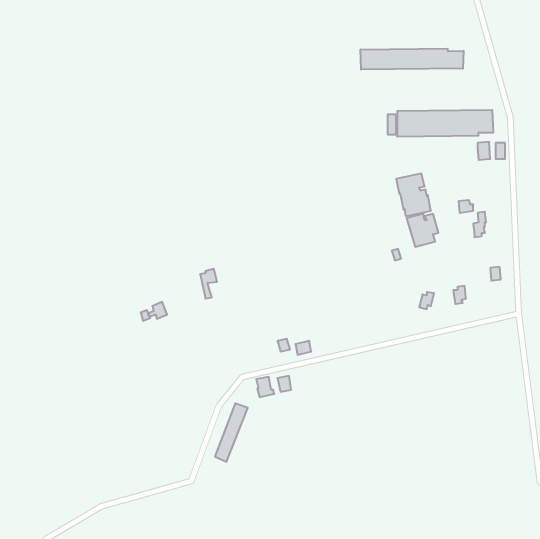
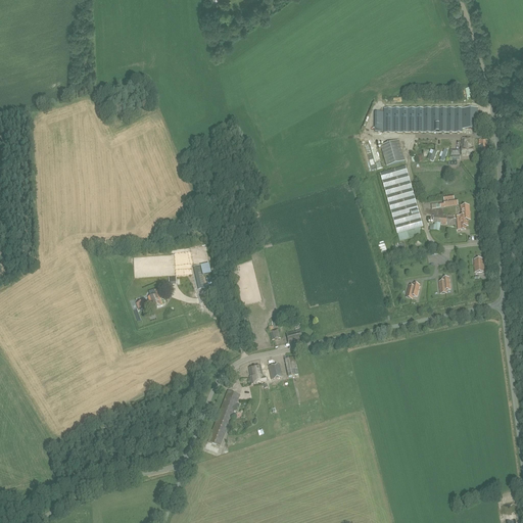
building: [361,49,464,70] -> none
building: none -> [379,139,403,165]

